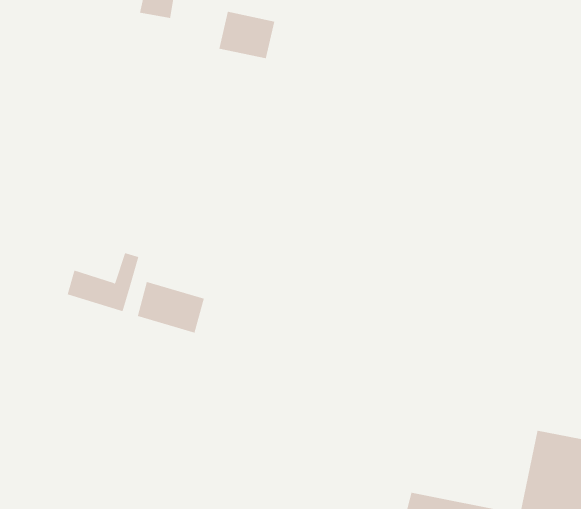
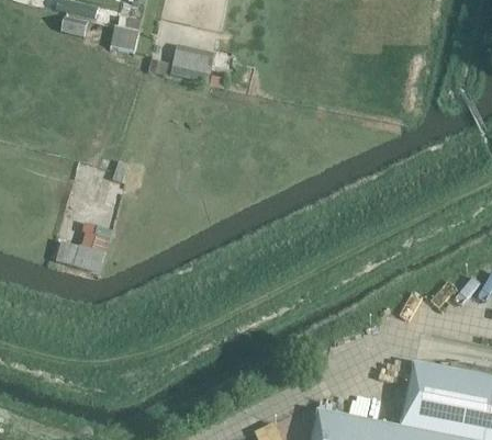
building: [137,281,204,334] -> none

